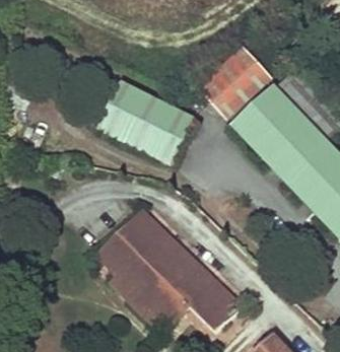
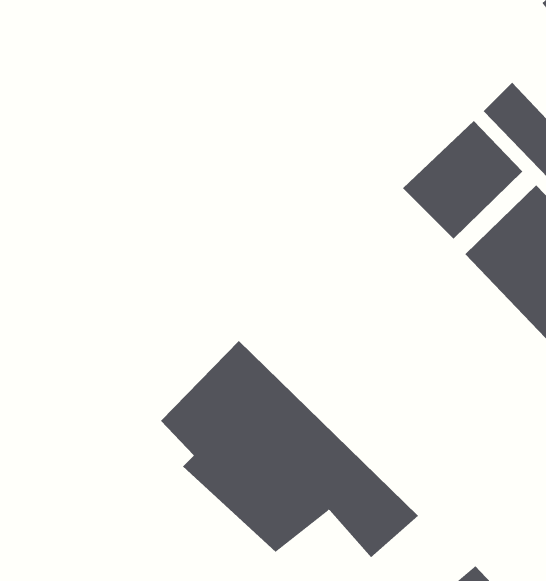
building: [196,47,272,120] -> none
building: [98,82,195,166] -> none

